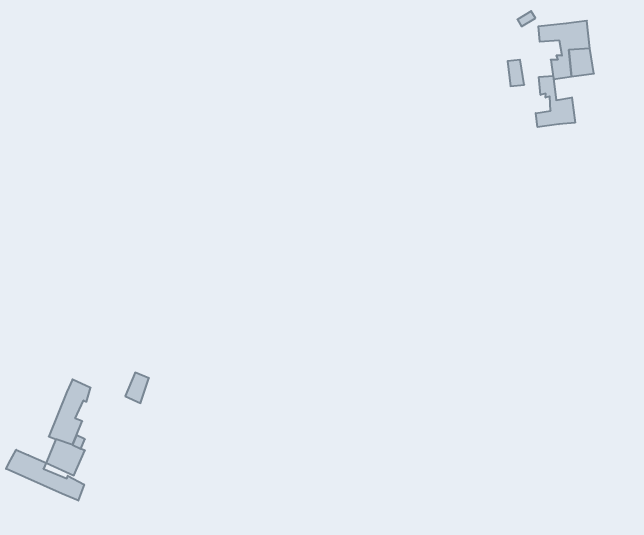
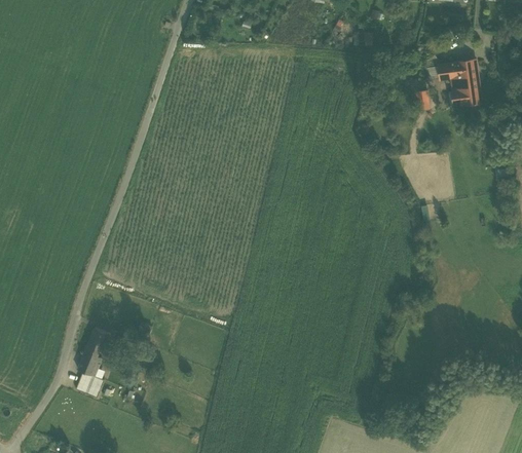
building: [536,76,575,127] -> none
building: [6,450,84,501] -> none

